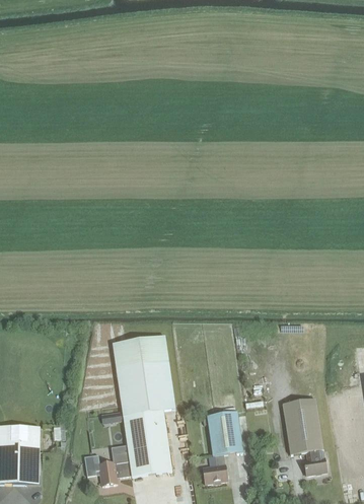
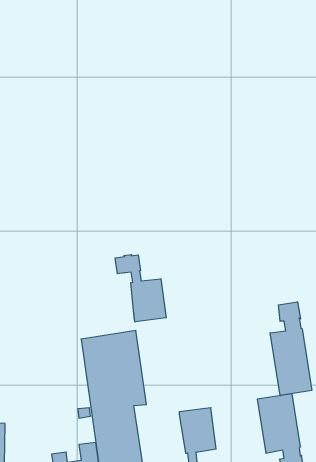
building: none -> [115,255,166,322]
building: none -> [270,302,312,396]

